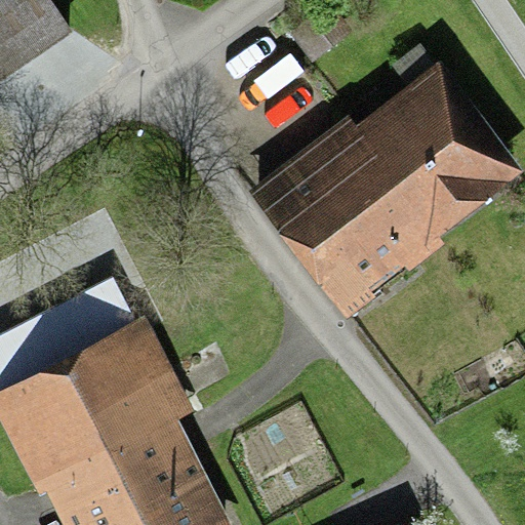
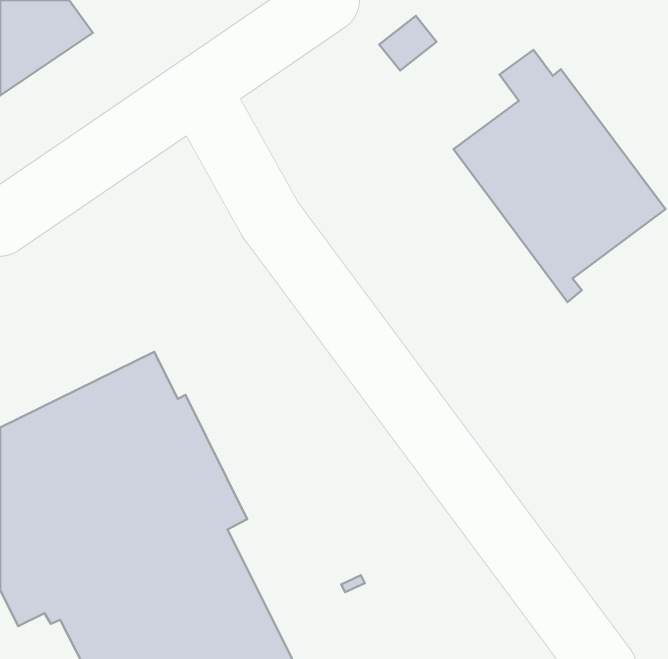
building: [250,117,445,320] -> none

